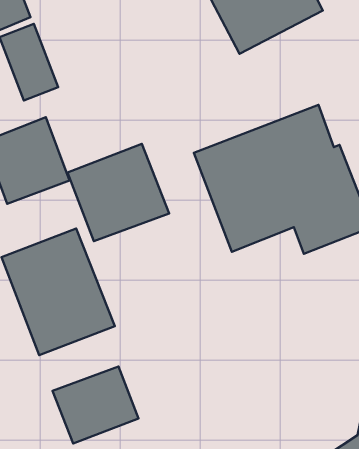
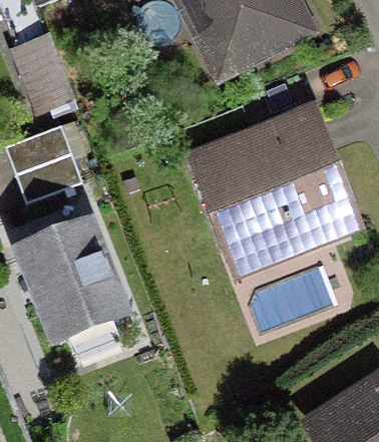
building: [68,144,169,241] -> none
building: [52,366,138,444] -> none

